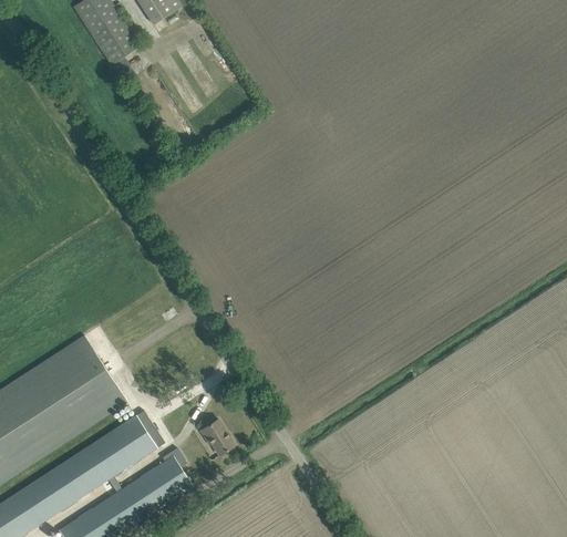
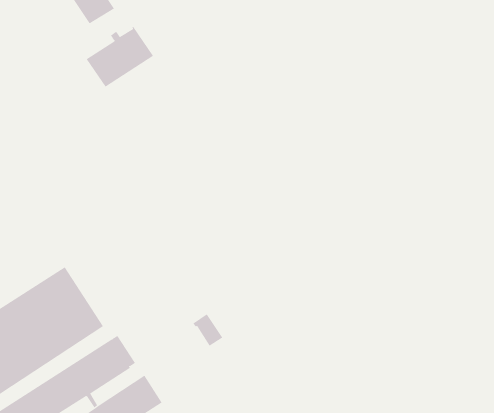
building: none -> [86,26,154,88]
building: [199,419,234,455] -> [192,314,223,346]

